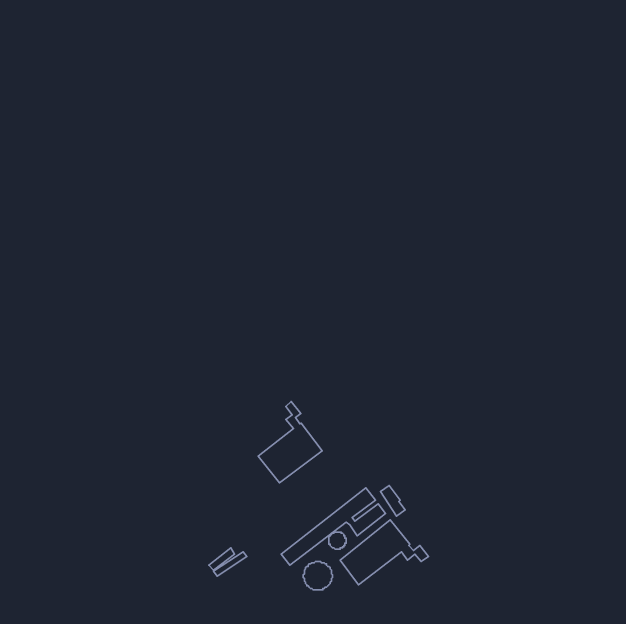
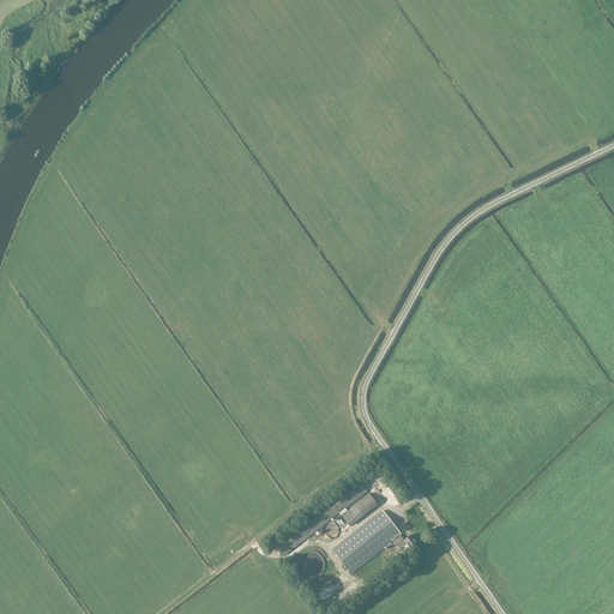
building: [258,401,322,483] -> none

